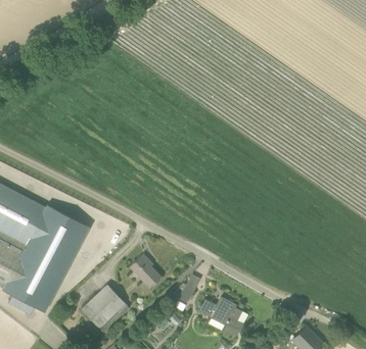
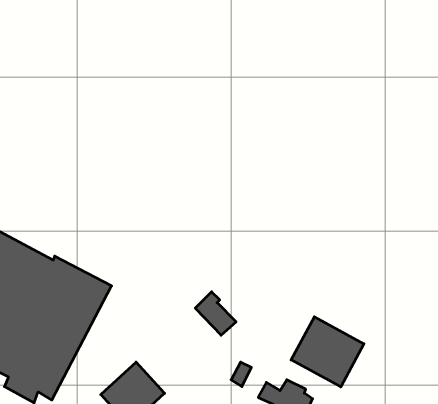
building: none -> [291,317,364,387]
building: [131,254,162,287] -> [195,292,236,335]

